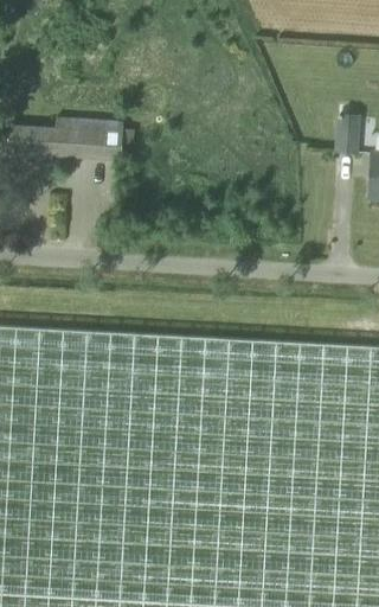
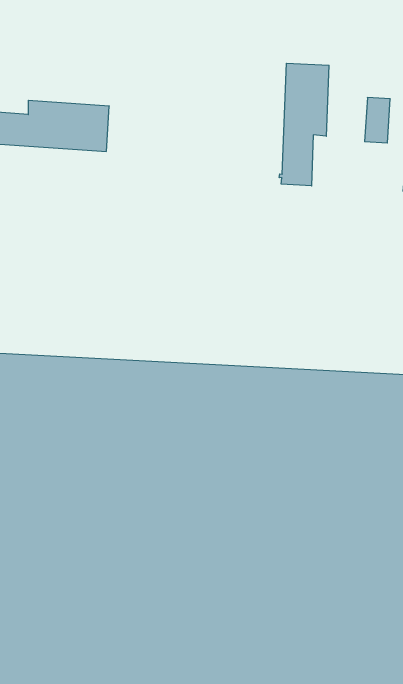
building: none -> [279,63,329,186]

